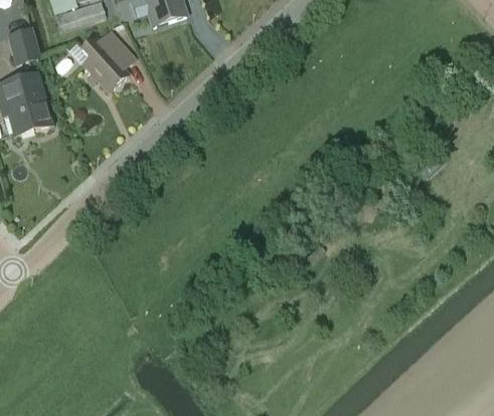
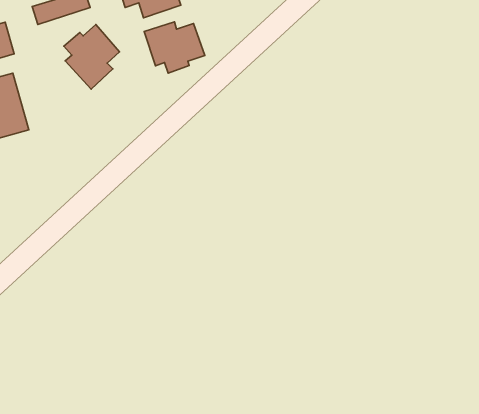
building: none -> [144,22,205,73]

